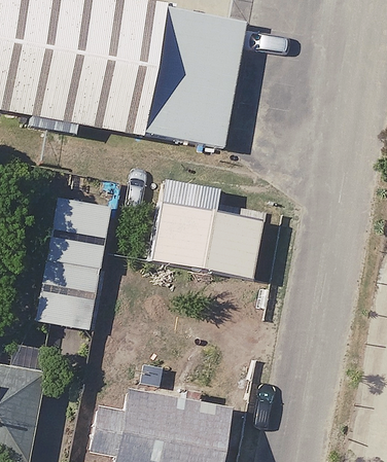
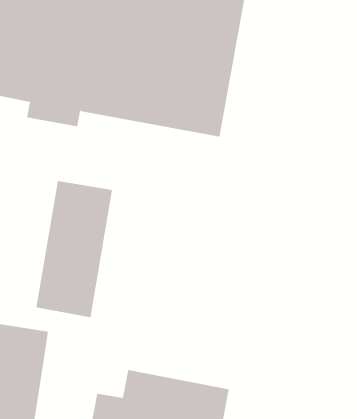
building: [151,186,265,278] -> none

